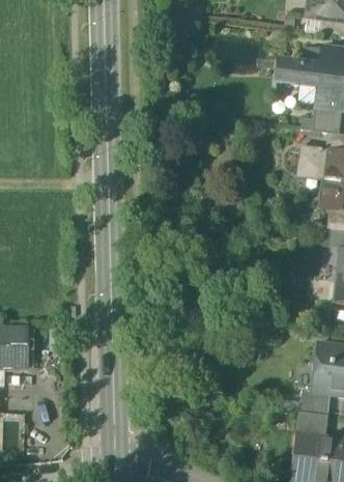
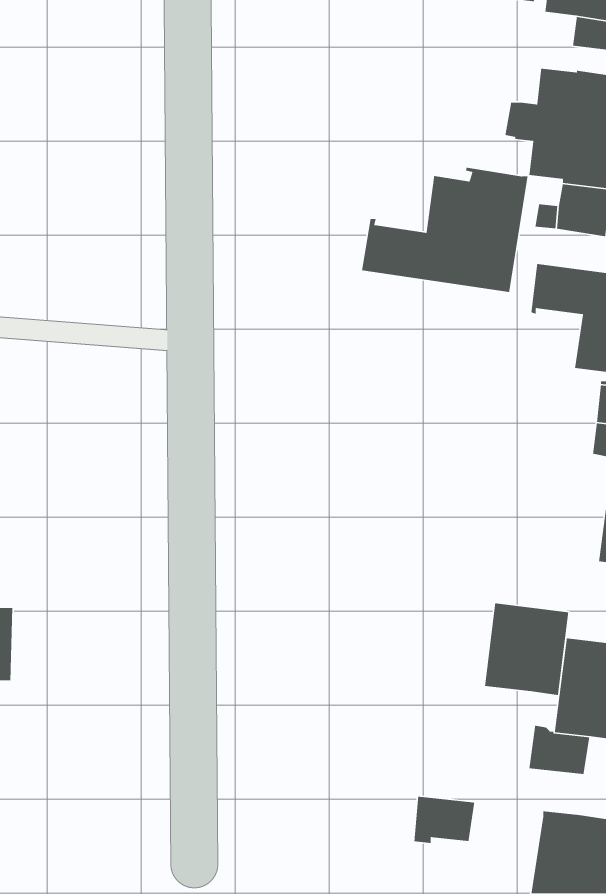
building: none -> [361,167,528,293]
building: none -> [484,602,569,696]
building: [295,410,327,435] -> [413,796,475,844]

